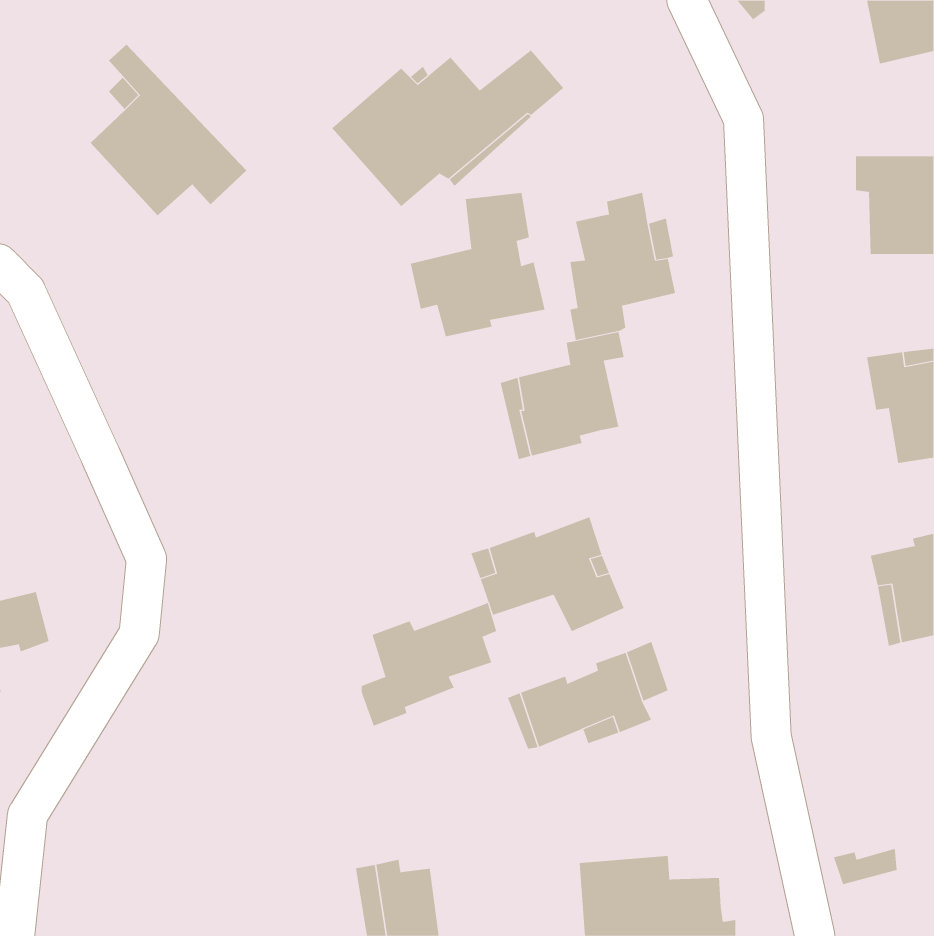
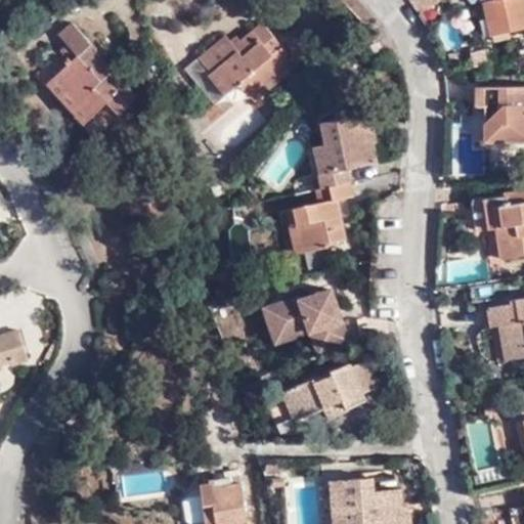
building: none -> [43,80,118,138]
building: [410,192,545,337] -> none
building: [361,602,497,726] -> none

